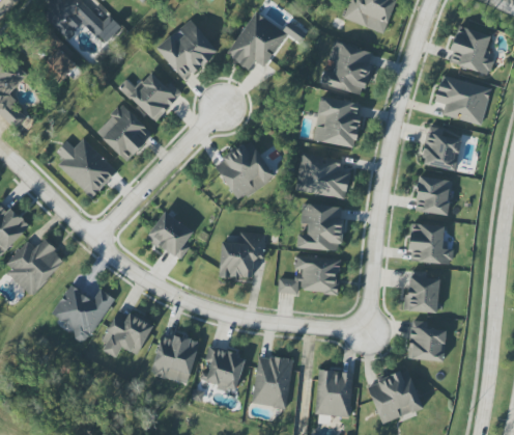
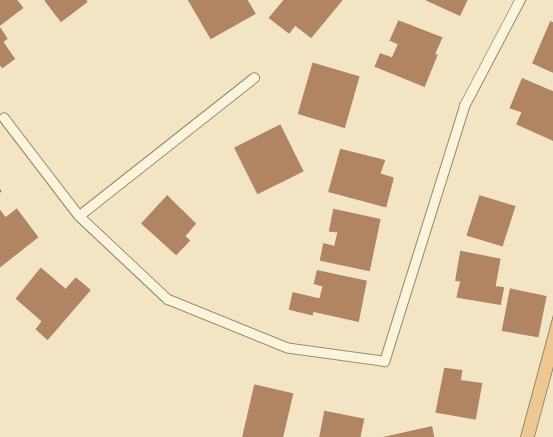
building: [118,72,181,121] -> none
building: [313,97,361,147] -> [297,62,360,129]
building: [96,105,151,161] -> none
building: [420,130,462,171] -> none
building: [56,138,117,198] -> none
building: [219,233,265,278] -> none
building: [405,275,439,312] -> [501,288,547,338]
building: [102,307,152,357] -> none
building: [149,331,199,384] -> none
building: [199,347,246,391] -> none

